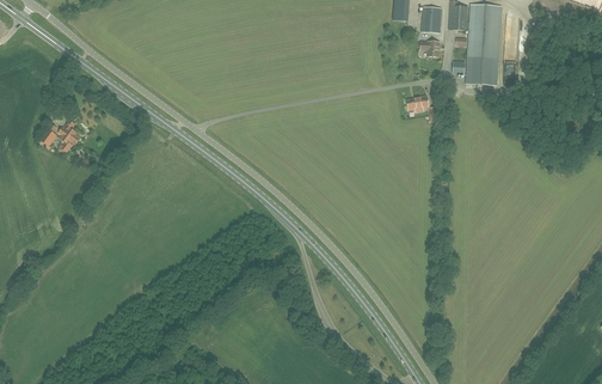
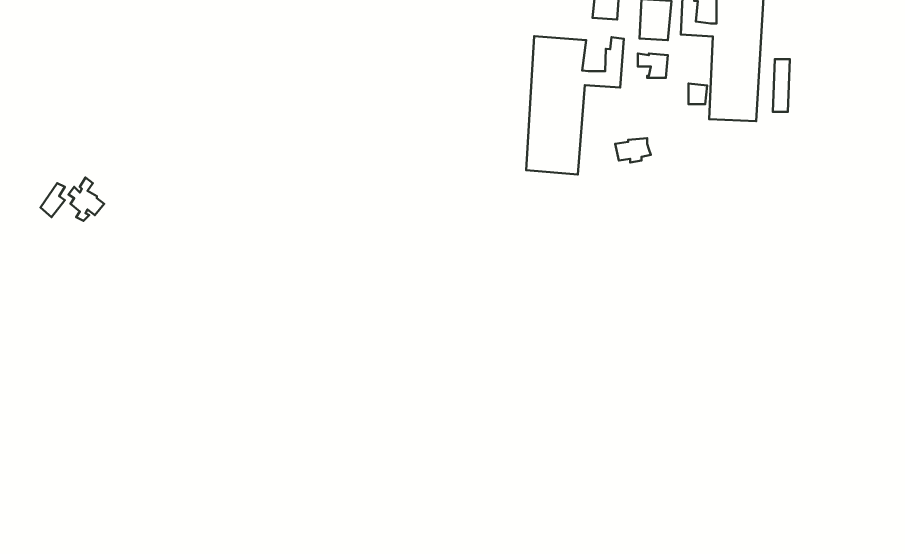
building: none -> [526,36,624,174]

